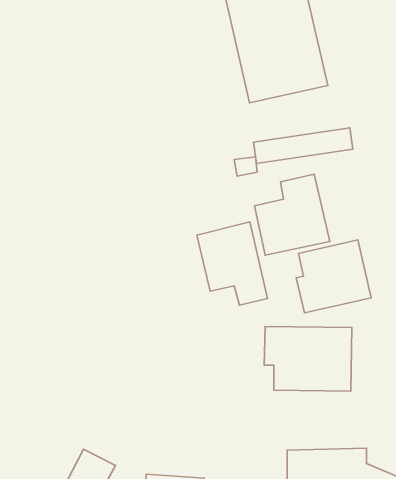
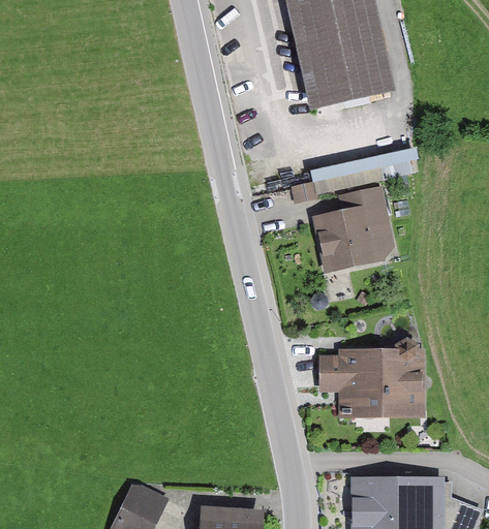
building: [197,222,267,305] -> none
building: [296,240,371,313] -> none

